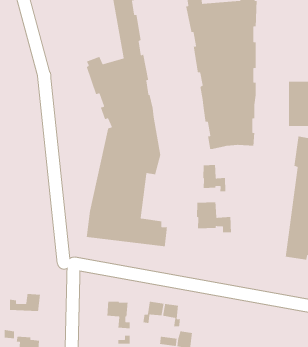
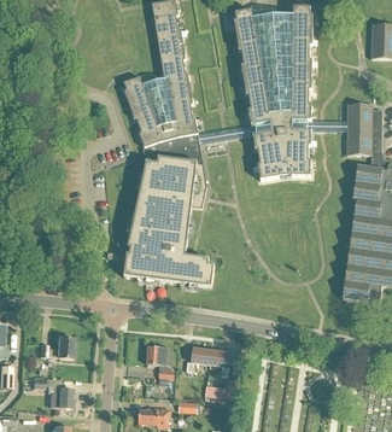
building: [202,164,226,192] -> none
building: [196,201,232,233] -> none

